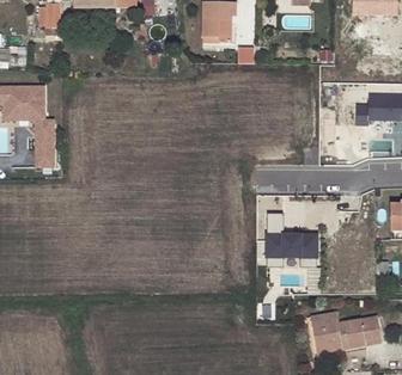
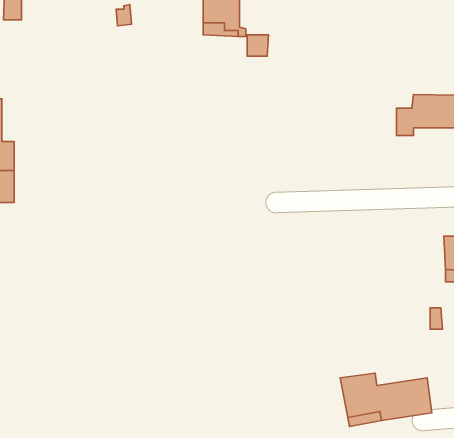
building: [263,213,316,257] -> none

